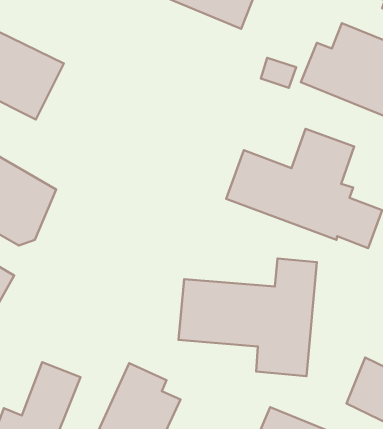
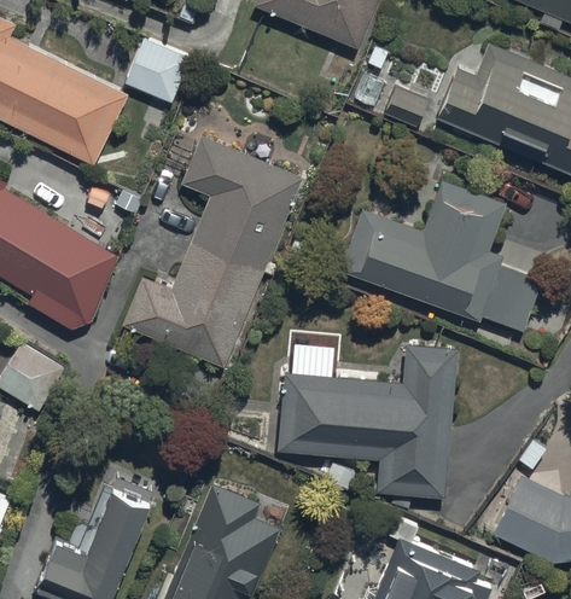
building: none -> [126,39,191,103]
building: none -> [121,135,303,368]

